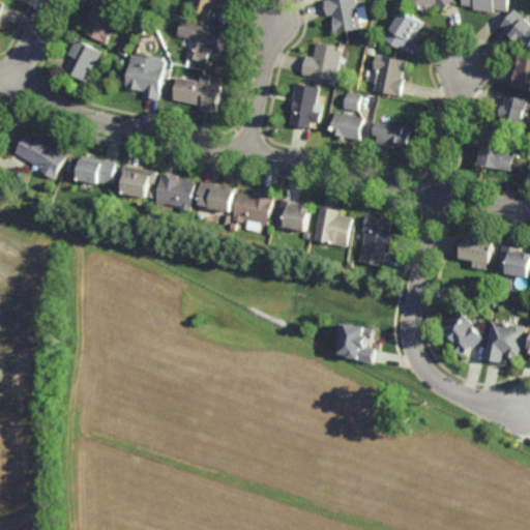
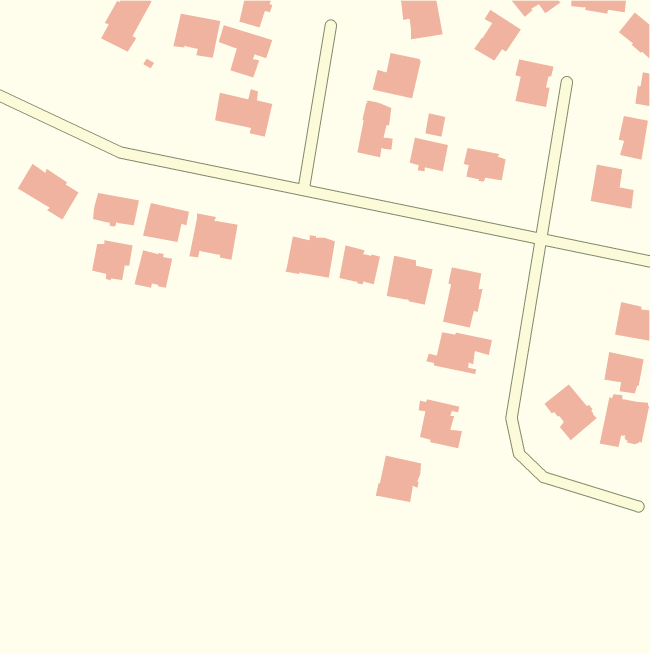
building: [64,38,100,82] -> none
building: [373,56,405,95] -> [515,59,554,108]
building: [124,61,164,97] -> [172,13,221,58]
building: [194,181,233,212] -> none
building: none -> [91,240,133,281]
building: none -> [134,250,173,289]
building: [458,235,491,269] -> [603,352,644,394]
building: none -> [425,332,493,375]
building: none -> [375,455,421,503]

